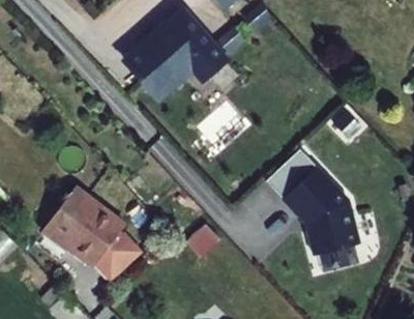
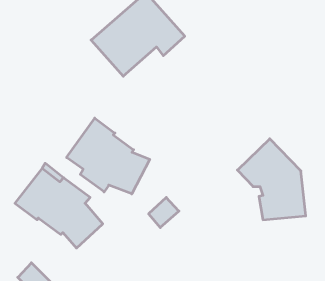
building: none -> [67,118,150,194]

